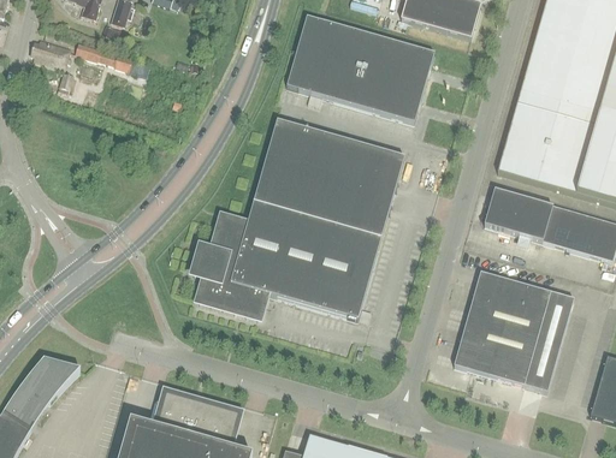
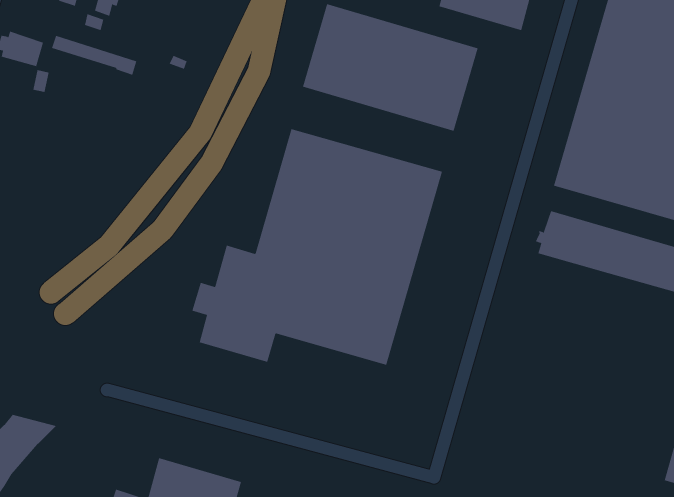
building: [454,270,574,391] -> none

